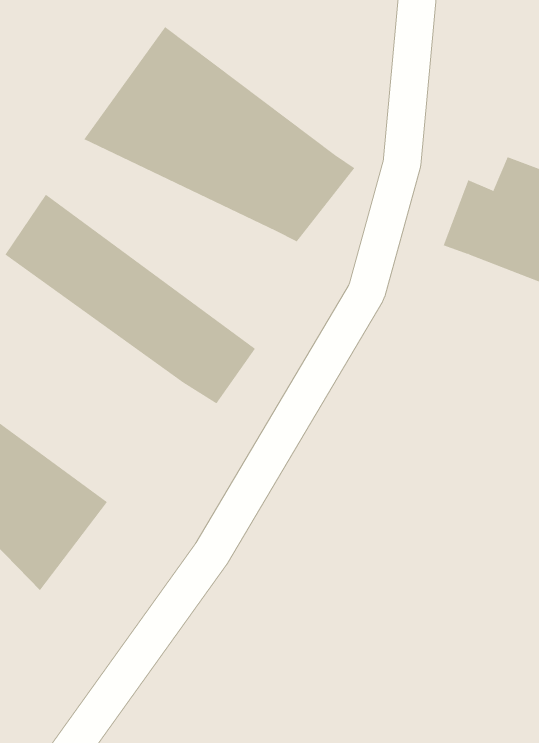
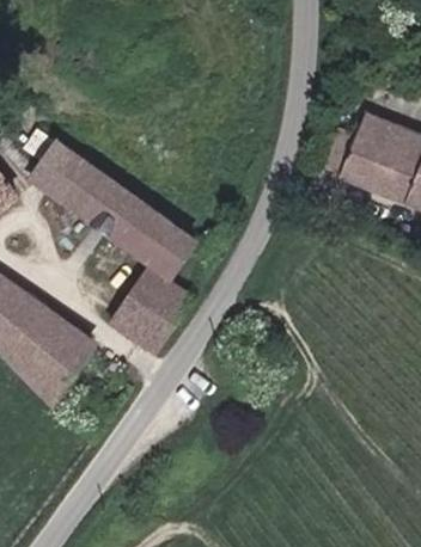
building: [83,26,355,242] -> none
building: none -> [110,264,195,352]

